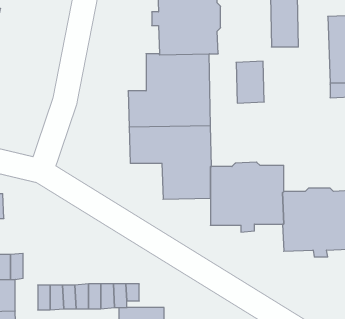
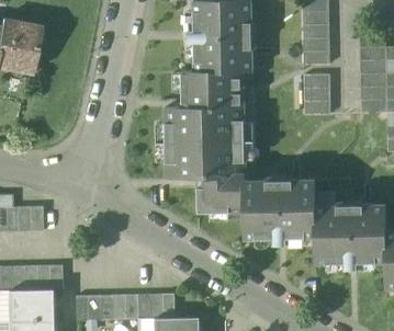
building: [236,61,264,103] -> [304,75,331,115]

